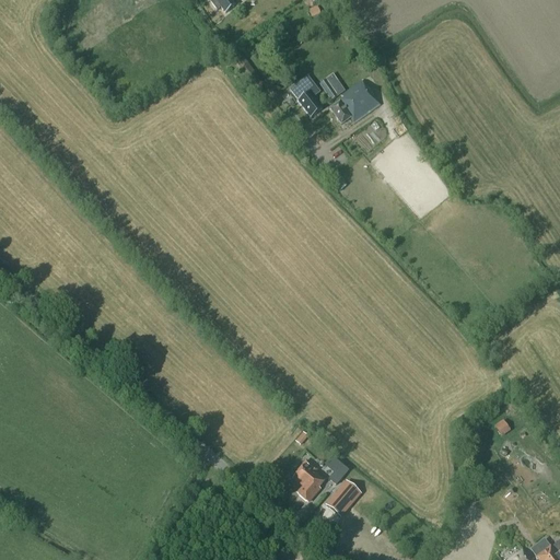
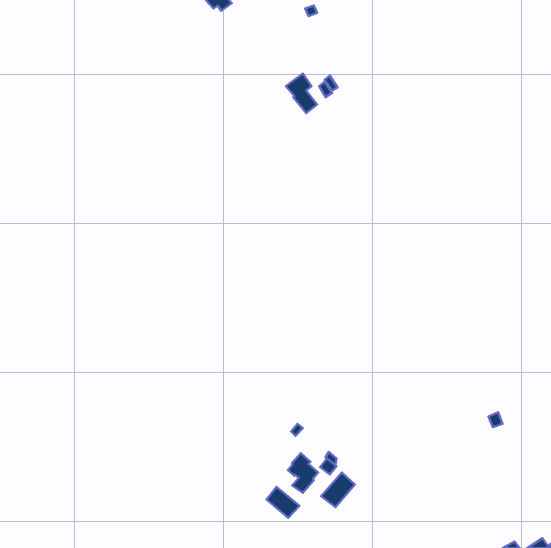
building: [329,79,378,122] -> none
building: none -> [267,487,299,518]

